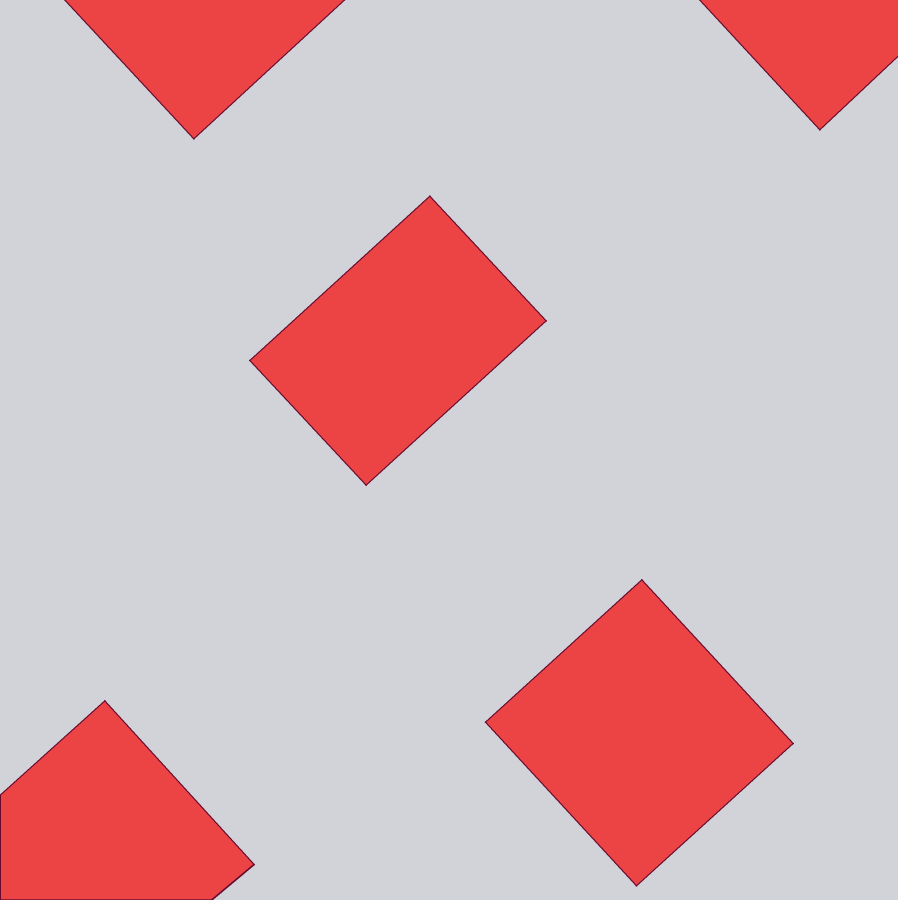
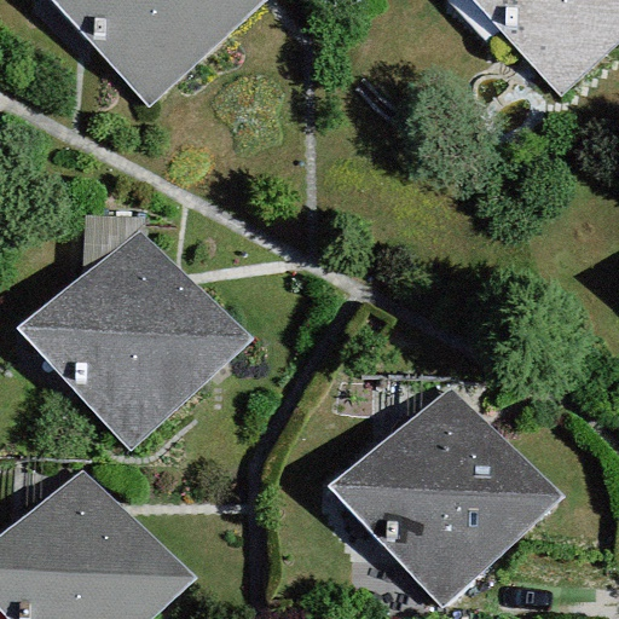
building: [250,196,546,485] -> none
building: none -> [30,238,239,447]

